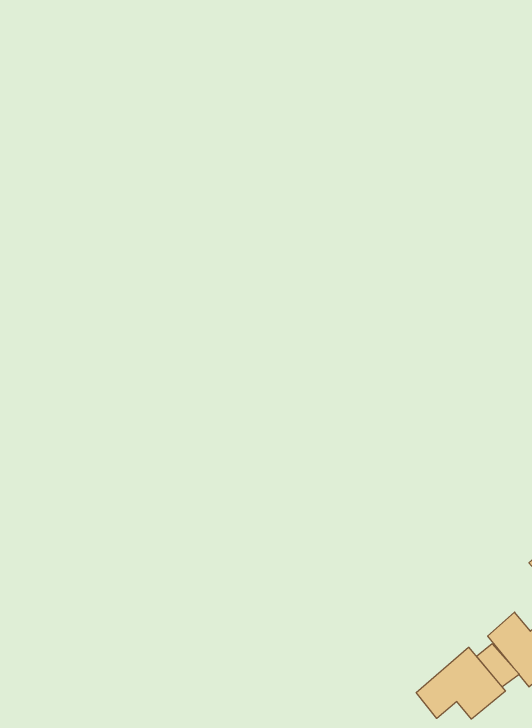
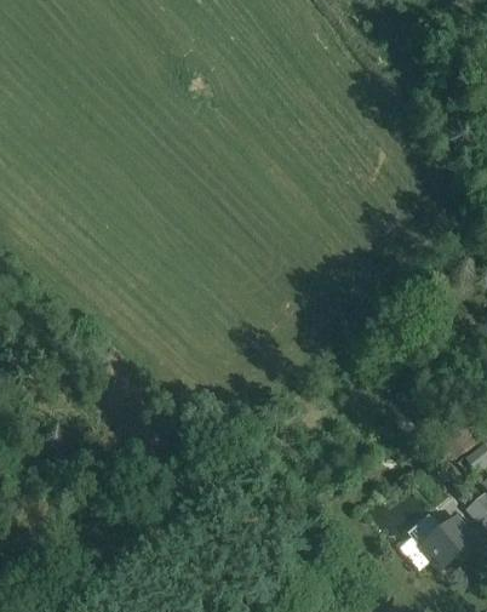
building: [416,647,505,719] -> none

